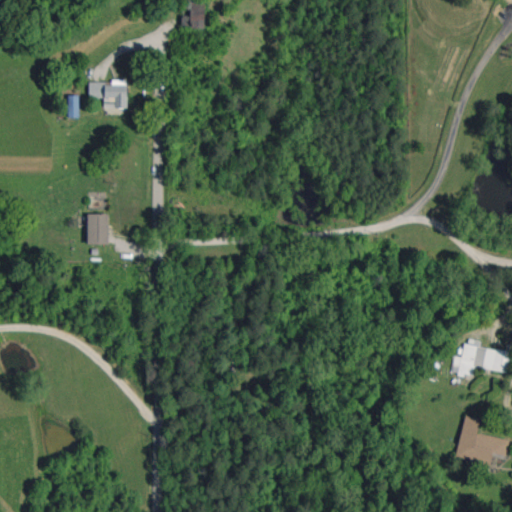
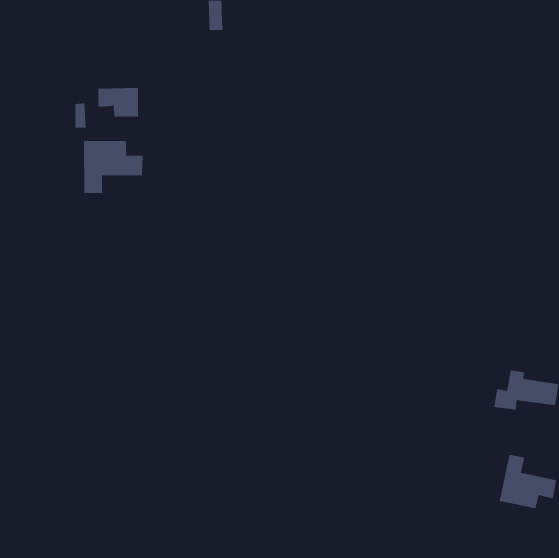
building: none -> [84,140,143,194]
building: [87,214,109,245] -> none

